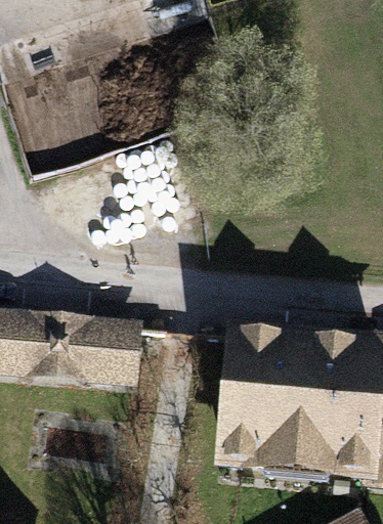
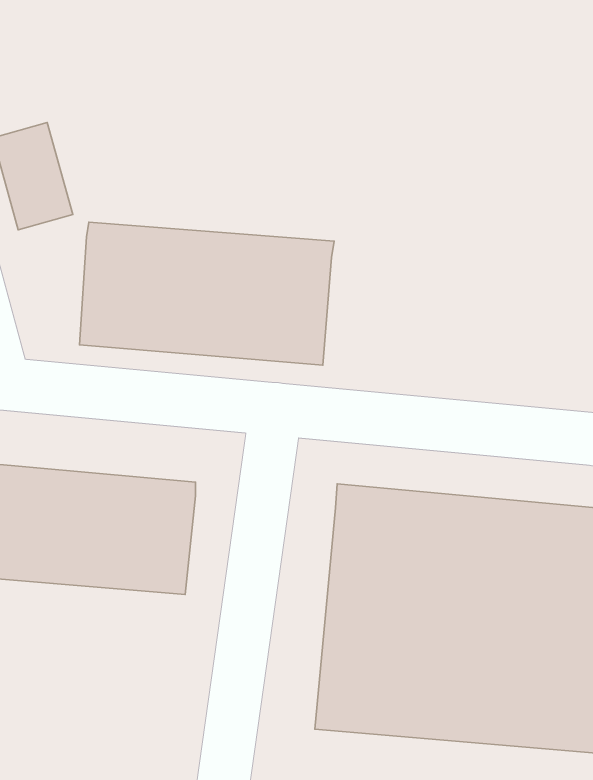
building: none -> [79,222,334,365]

